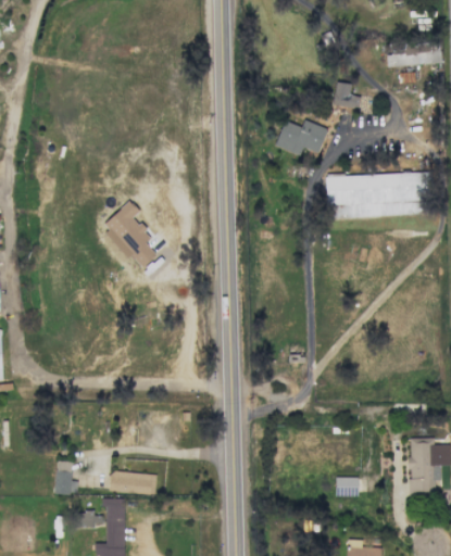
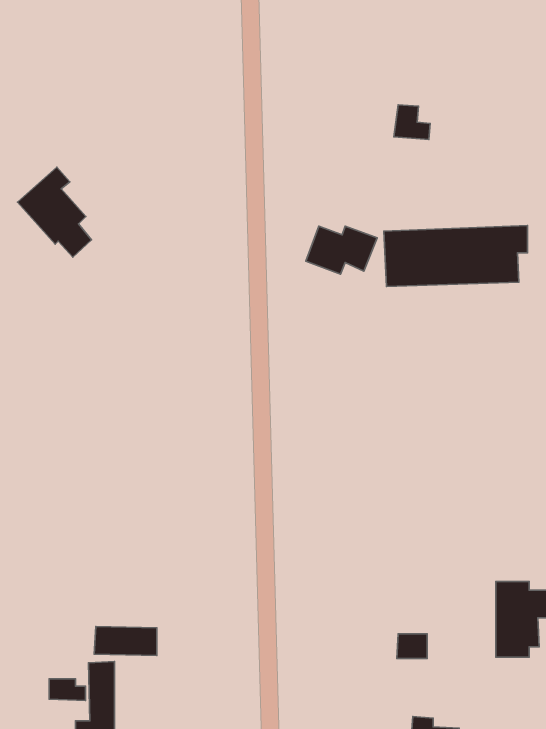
building: [387,41,441,65] -> none
building: [274,119,327,155] -> [306,226,377,274]
building: [100,200,155,267] -> [17,167,92,257]
building: [55,460,77,493] -> none

